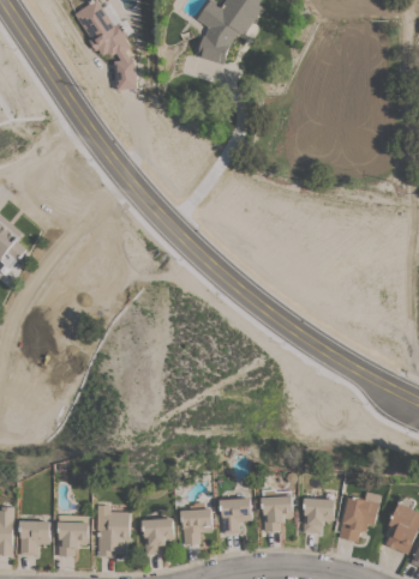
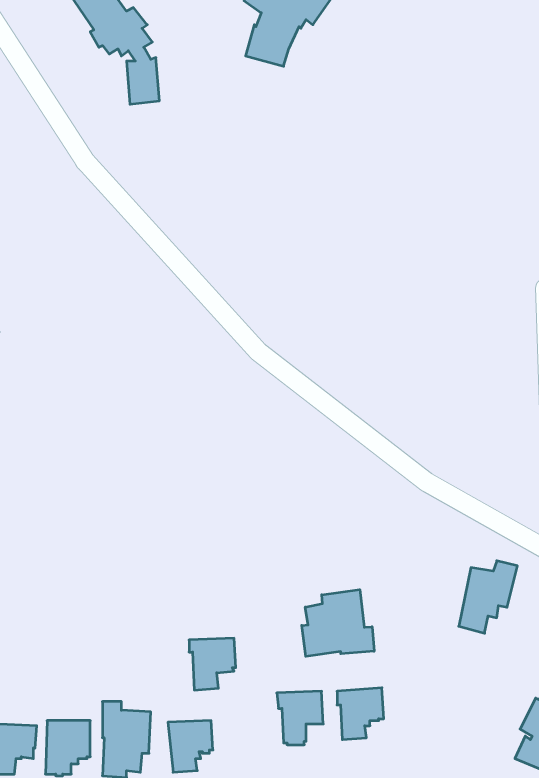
building: none -> [302,590,374,656]
building: [340,491,381,542] -> [459,561,517,633]
building: [303,497,334,532] -> none
building: [180,508,213,544] -> [189,638,236,690]

